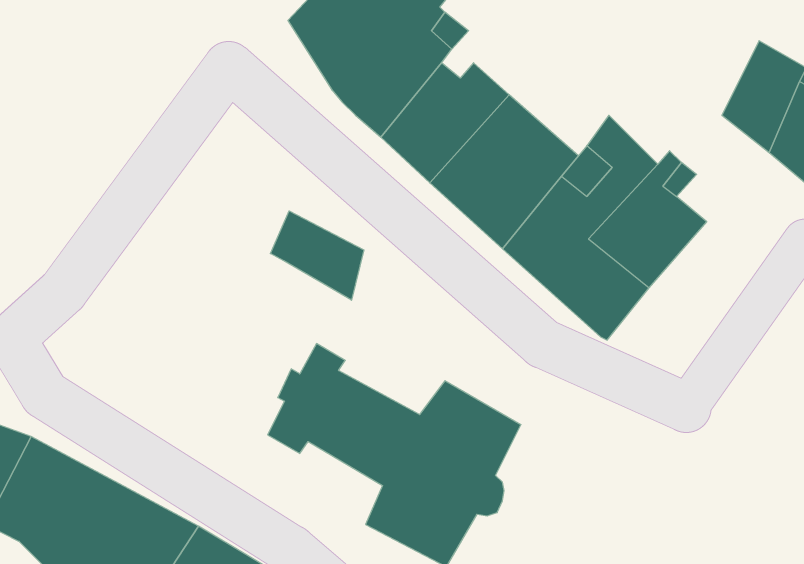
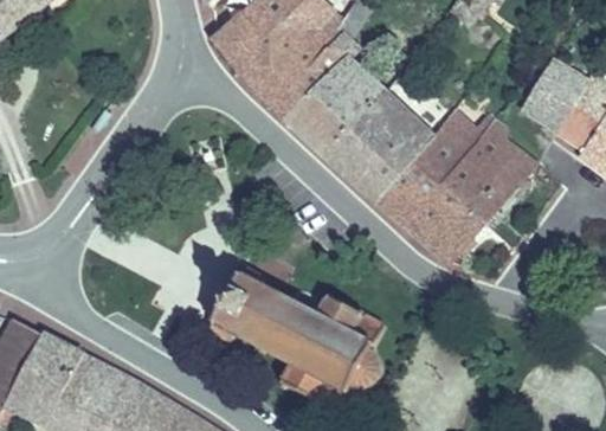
building: [270,211,364,300] -> none

